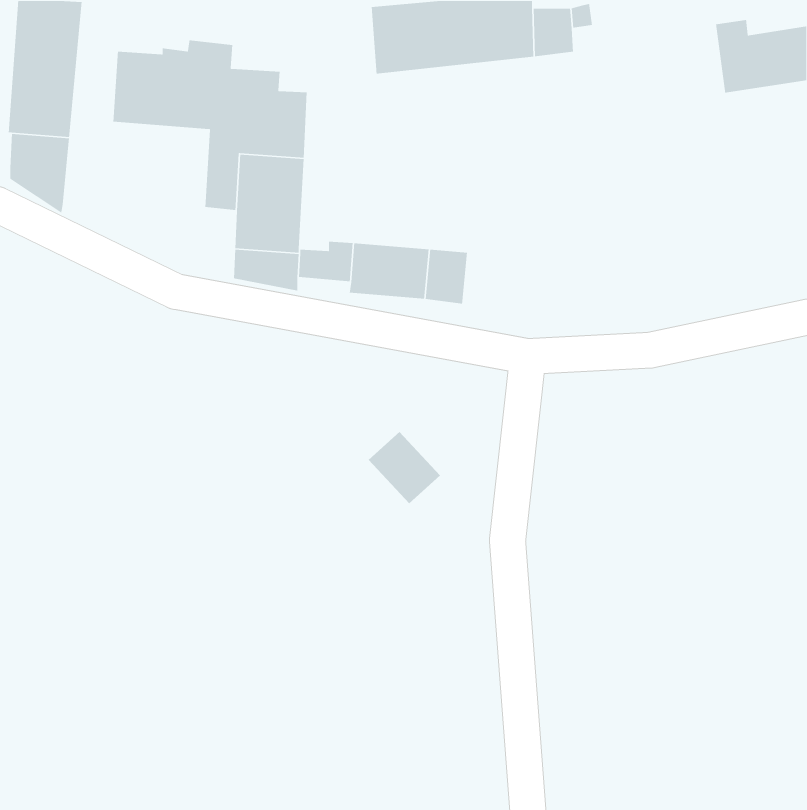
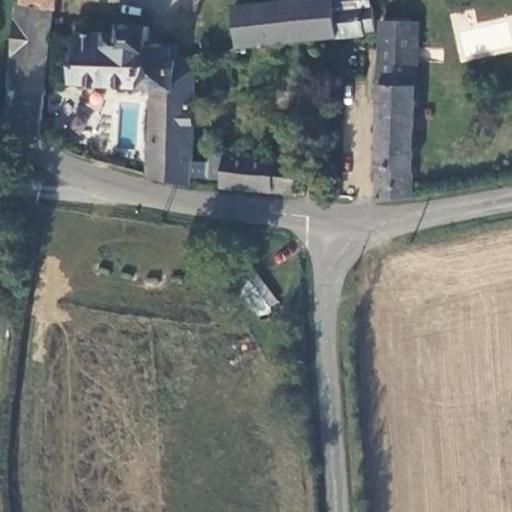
building: none -> [373,23,415,201]

